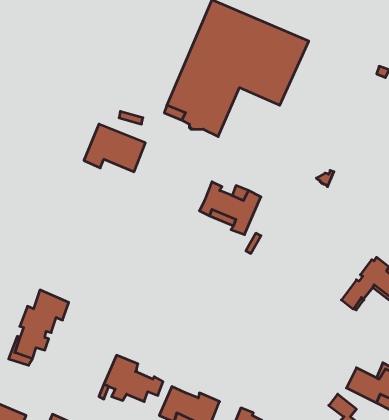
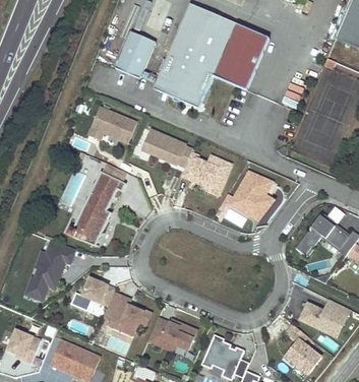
building: none -> [114,31,154,78]
building: none -> [141,128,191,167]
building: none -> [66,171,124,245]
building: none -> [233,172,272,216]
building: none -> [81,277,114,306]

